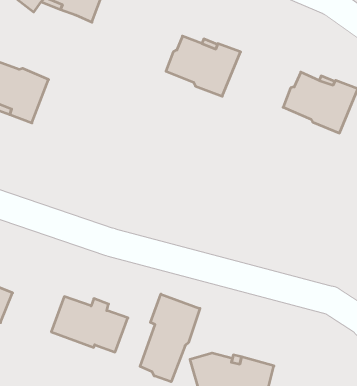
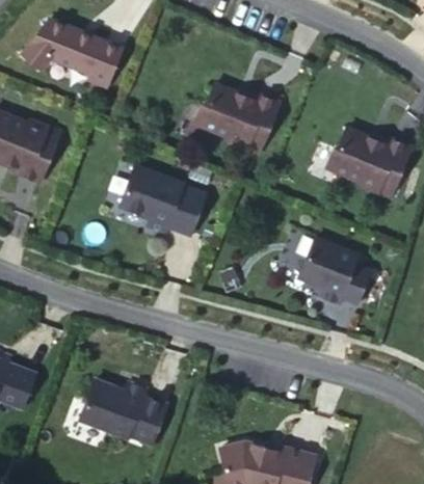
building: none -> [115,177,198,241]
building: none -> [294,236,366,301]
building: [140,294,200,382] -> none

